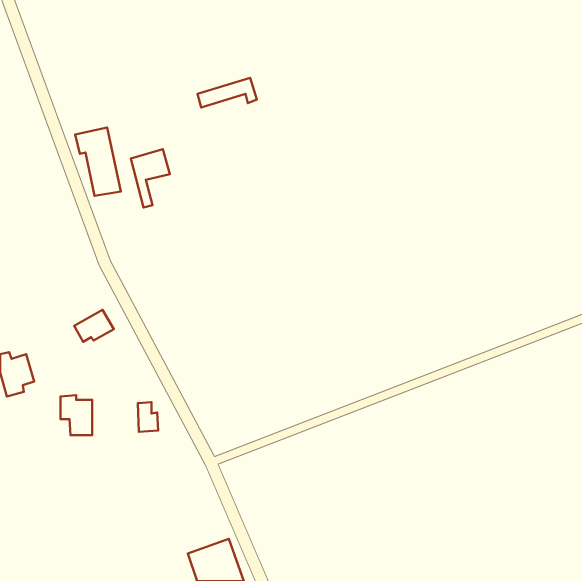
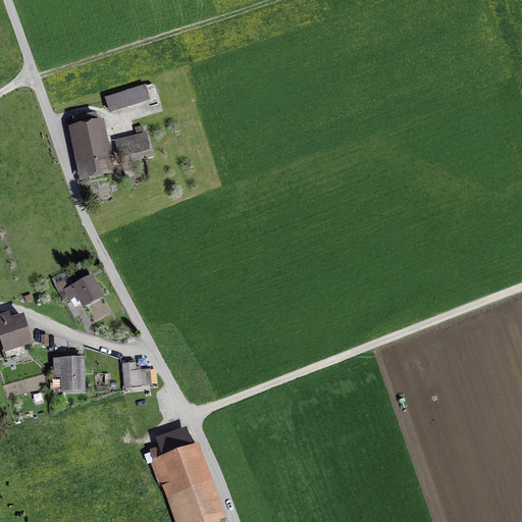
building: [198,78,257,108] -> [106,84,159,110]
building: none -> [151,428,205,495]

